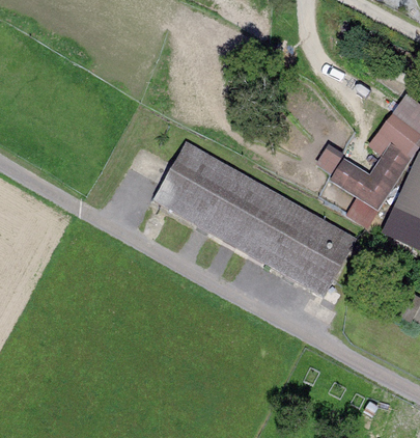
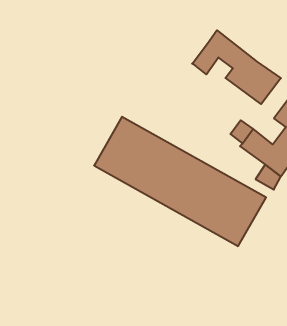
building: none -> [192,30,281,104]

